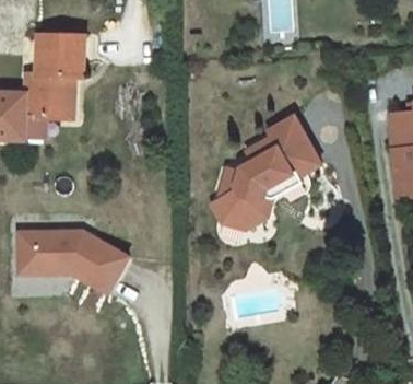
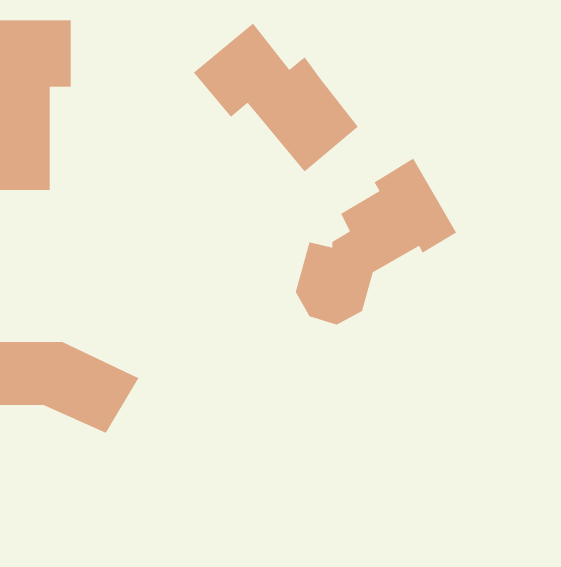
building: none -> [193,22,359,172]
building: [213,172,304,229] -> none

